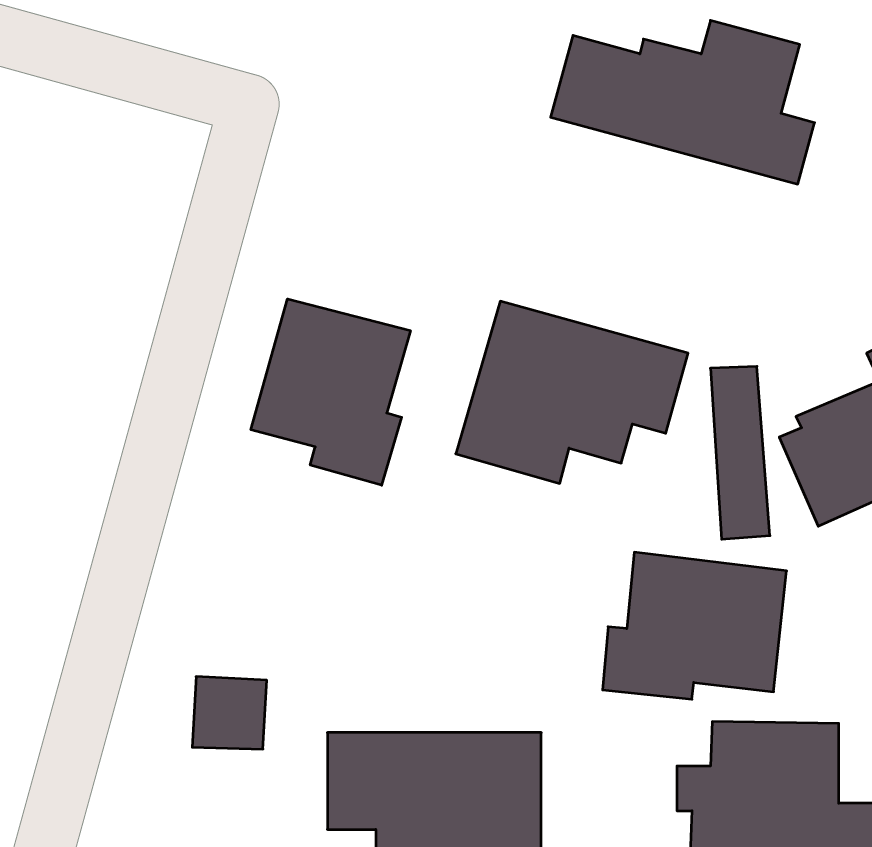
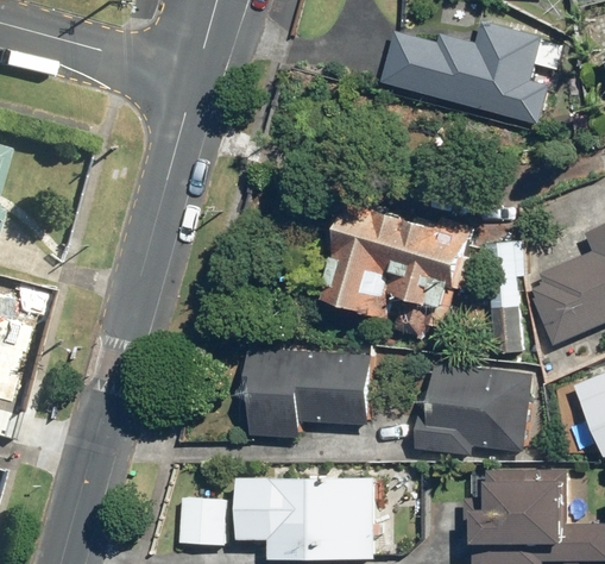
building: [251,299,410,485] -> none
building: none -> [247,349,371,437]
building: [192,677,267,749] -> [178,499,226,545]

